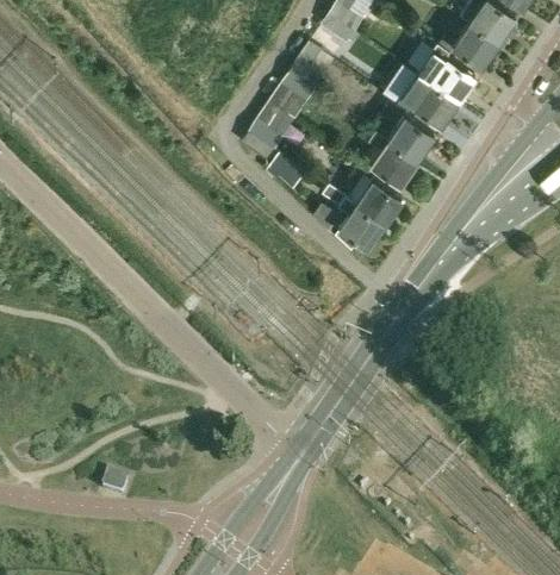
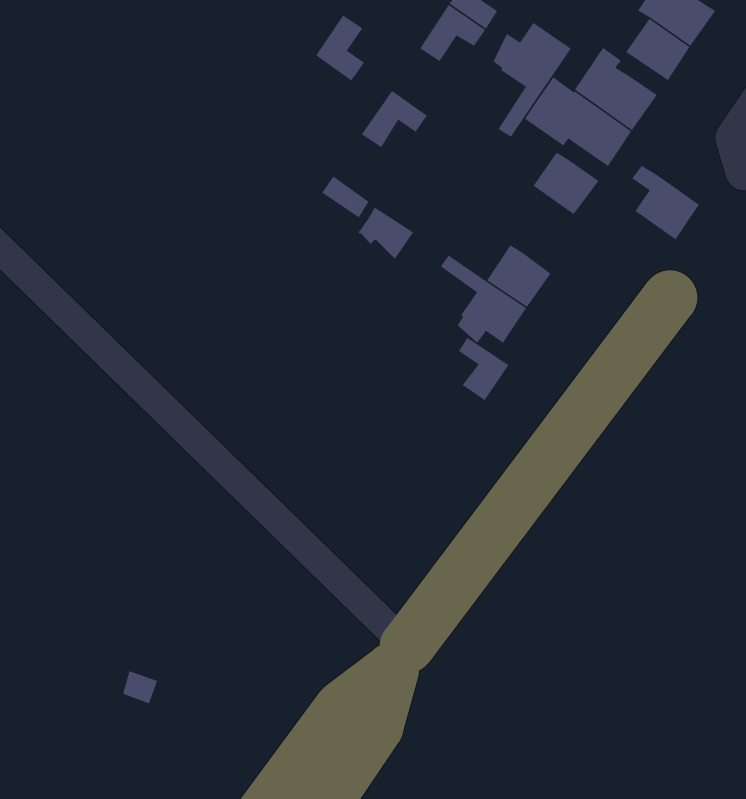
building: none -> [492,22,572,138]
building: [291,44,325,90] -> [315,14,365,81]
building: [250,104,285,150] -> none
building: [369,132,417,185] -> [631,165,700,240]
building: none -> [458,337,509,401]

